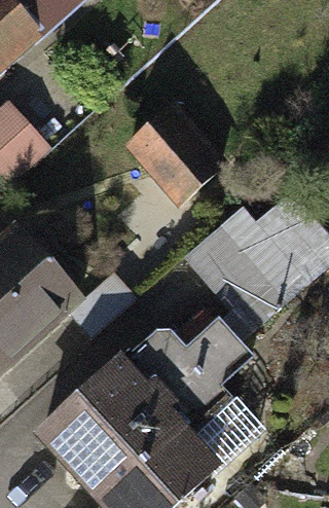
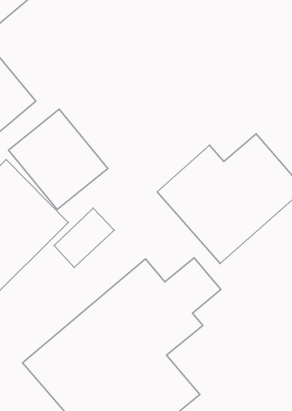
building: [126,102,233,210] -> [9,109,108,210]

